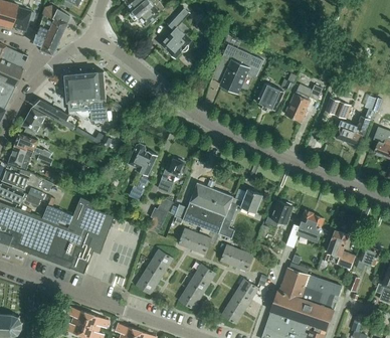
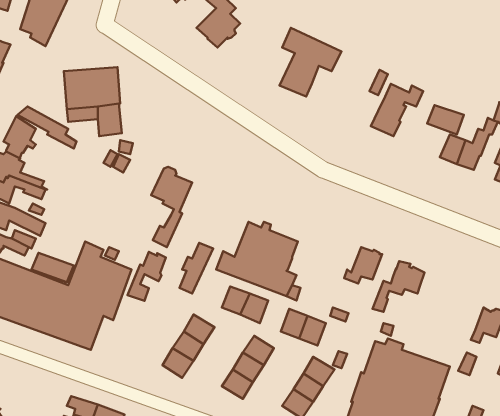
building: [256,82,283,110] -> none
building: [157,157,184,192] -> [128,252,166,301]
building: [224,188,262,220] -> none
building: [327,230,355,269] -> none

